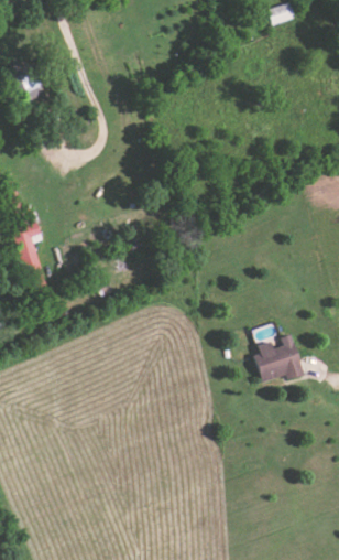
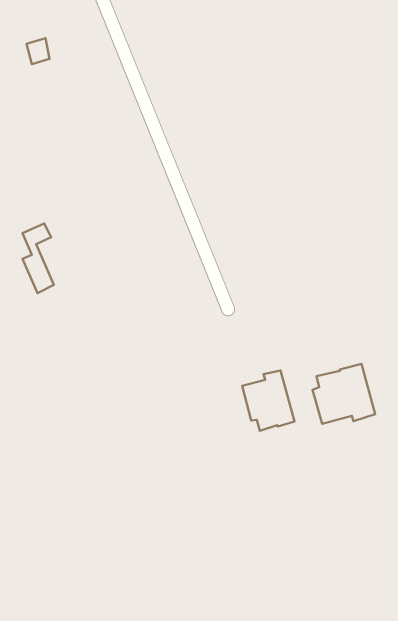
building: none -> [242,371,294,431]

